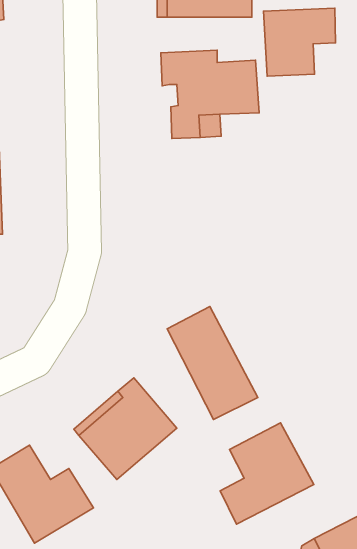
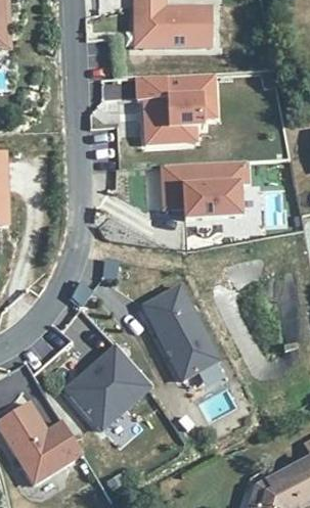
building: [263,8,336,76] -> none
building: none -> [164,157,250,216]
building: [220,423,314,524] -> none

